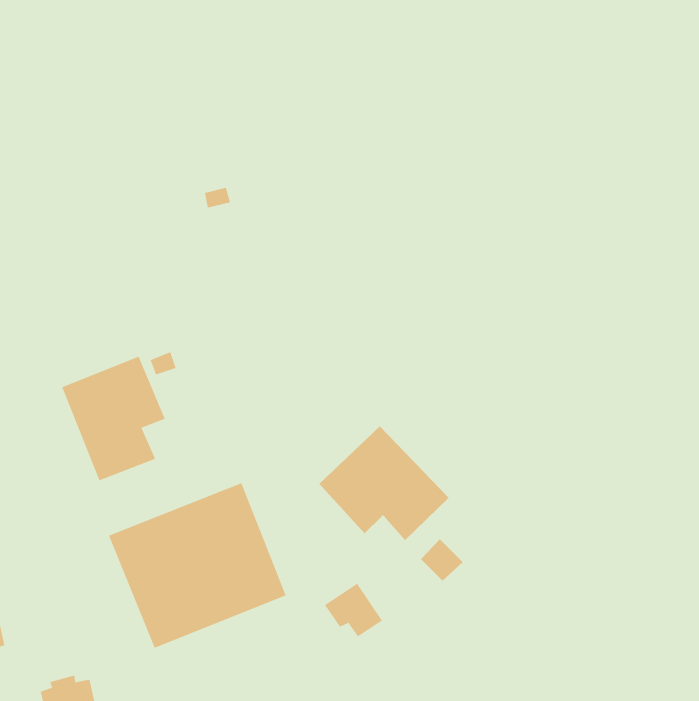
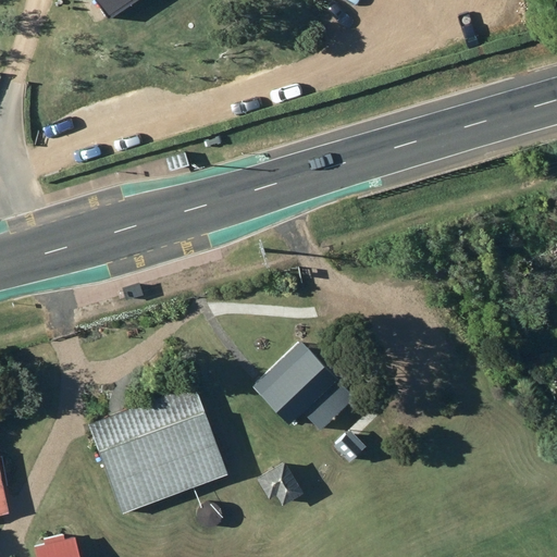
building: [62,356,166,481] -> none

